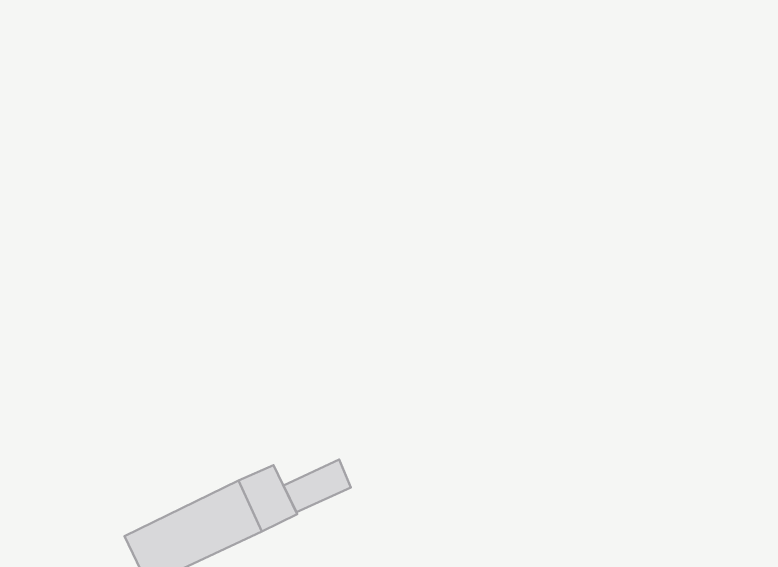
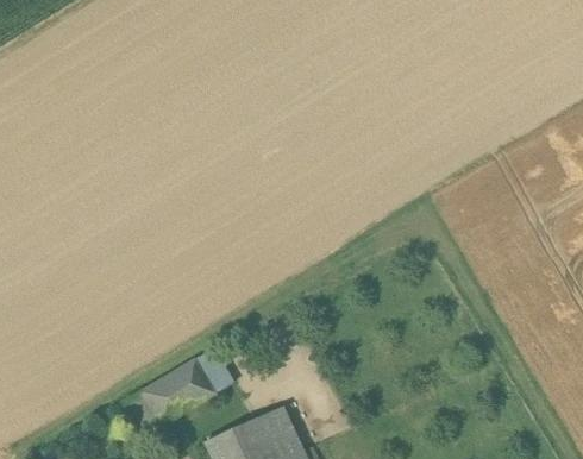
building: [283,460,351,512] -> none

